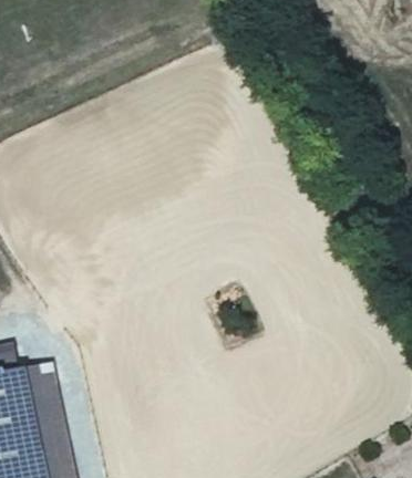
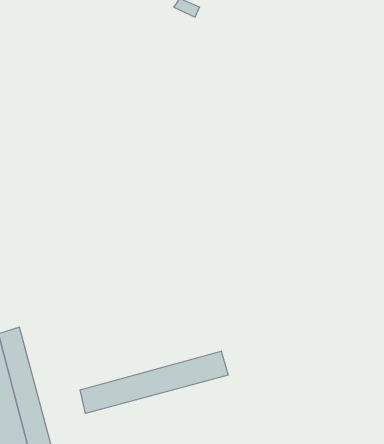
building: none -> [80,351,228,413]

